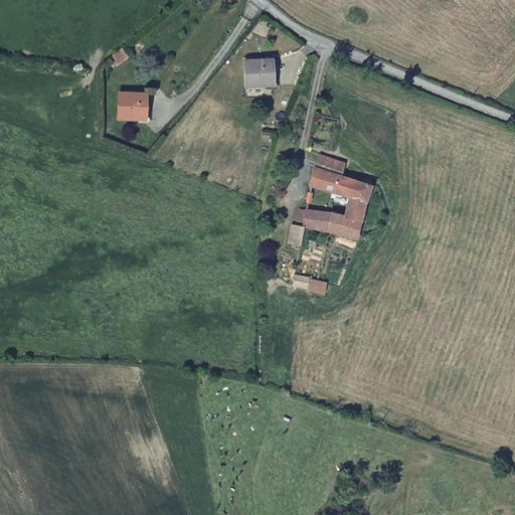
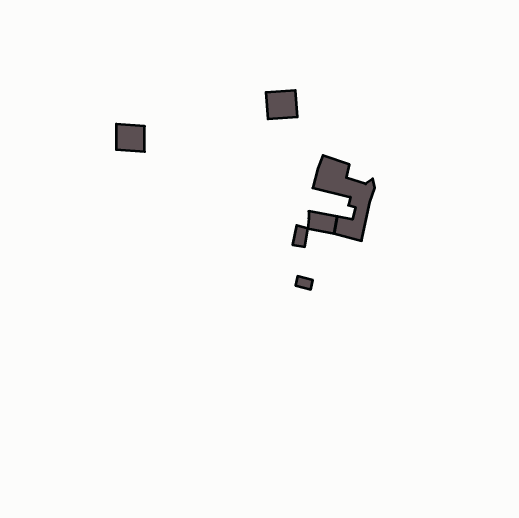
building: [243,58,275,87] -> [266,90,297,119]
building: [119,92,147,119] -> [116,124,145,152]

